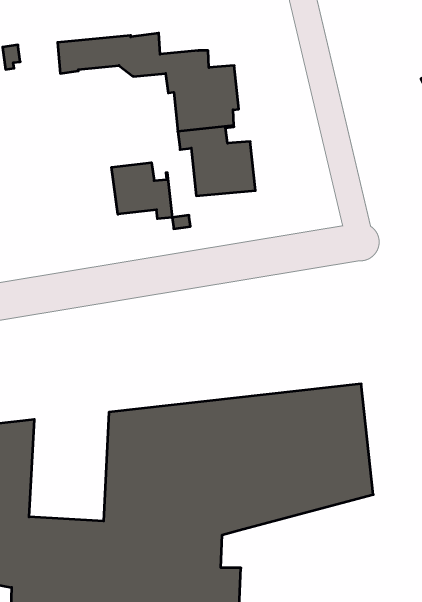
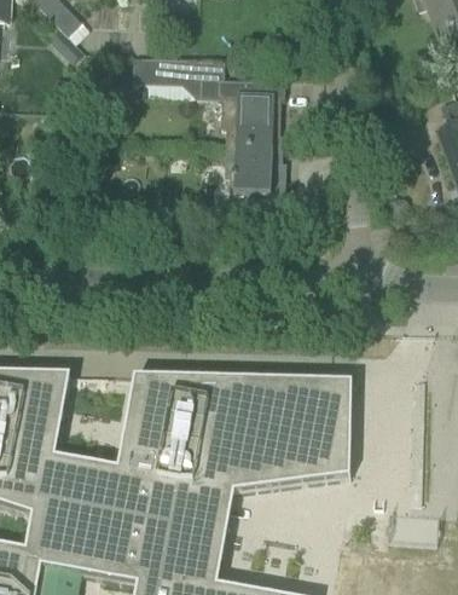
building: [112,163,172,219] -> none

